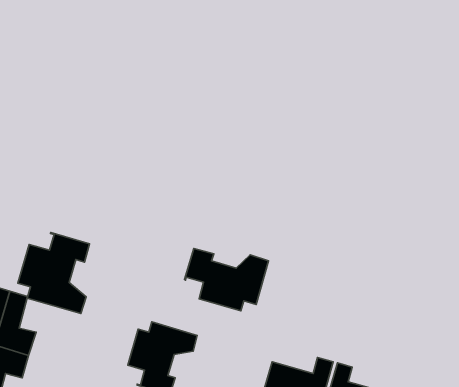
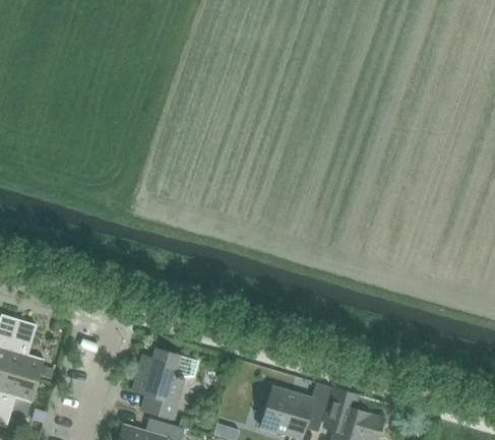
building: [18,232,89,314] -> none
building: [184,248,268,311] -> none

